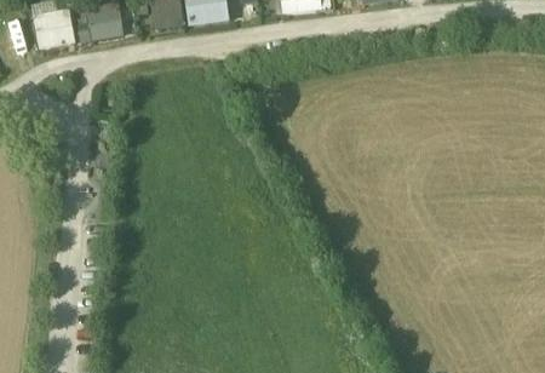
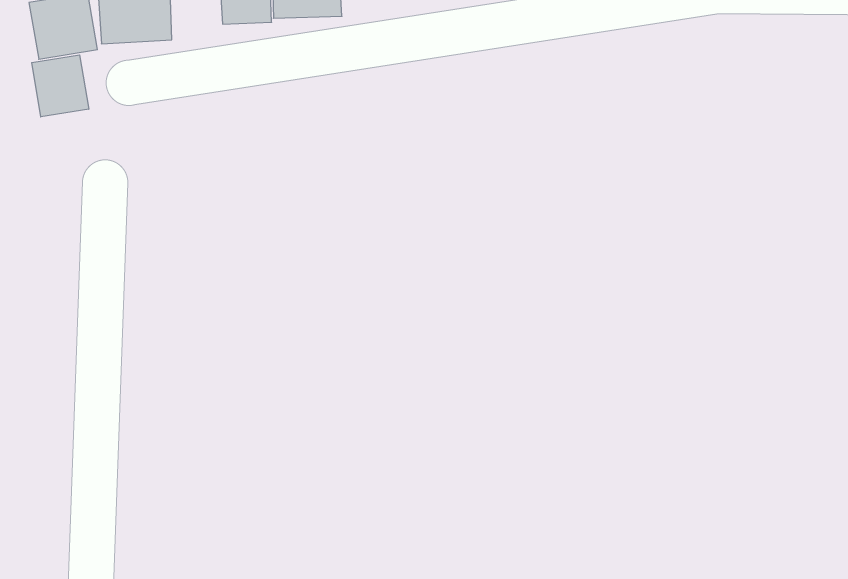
building: none -> [32,55,89,117]

